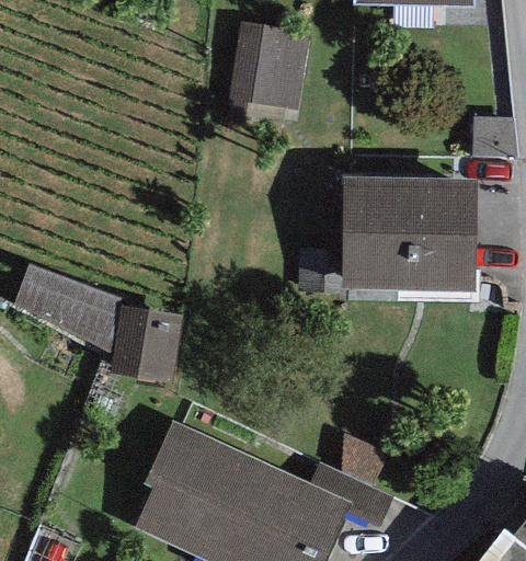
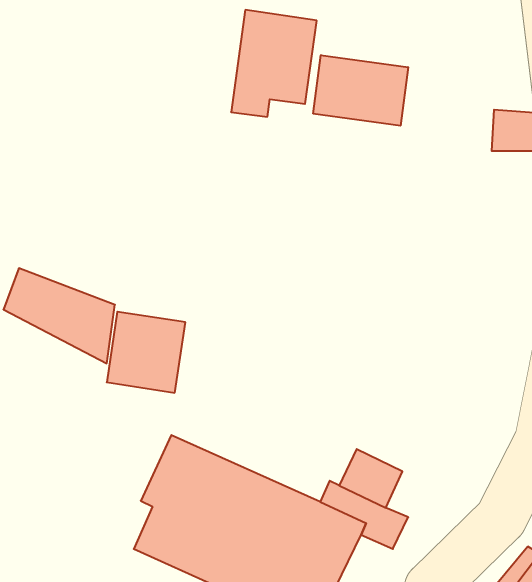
building: none -> [313,55,408,126]
building: [342,175,477,291] -> none

